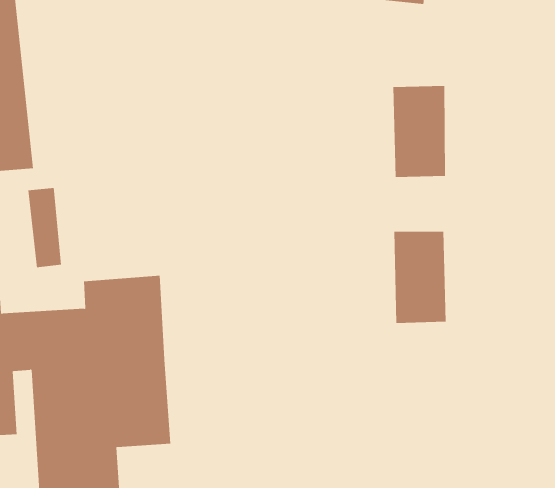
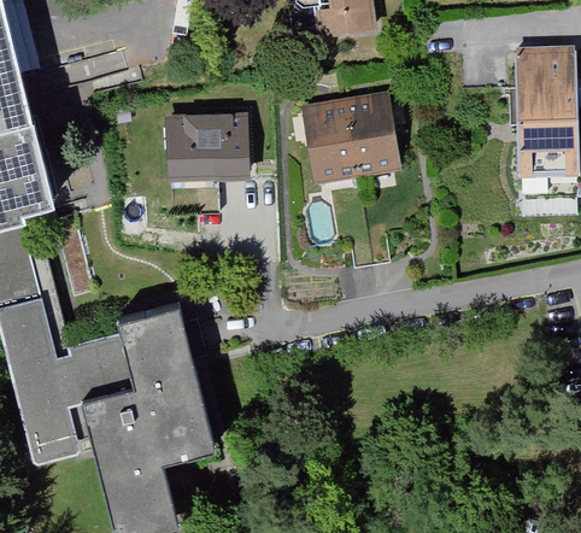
building: none -> [163,116,253,189]
building: [393,231,446,323] -> [309,98,366,183]

